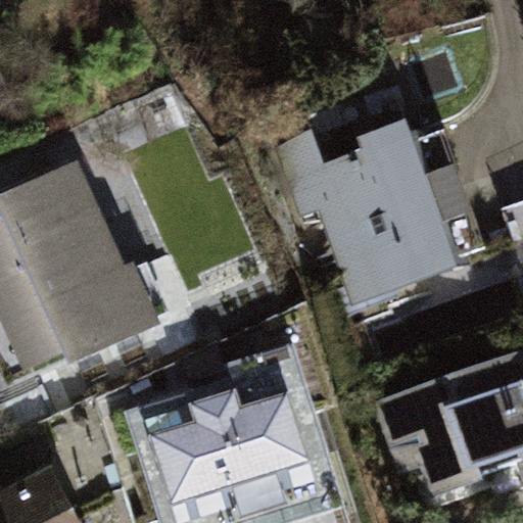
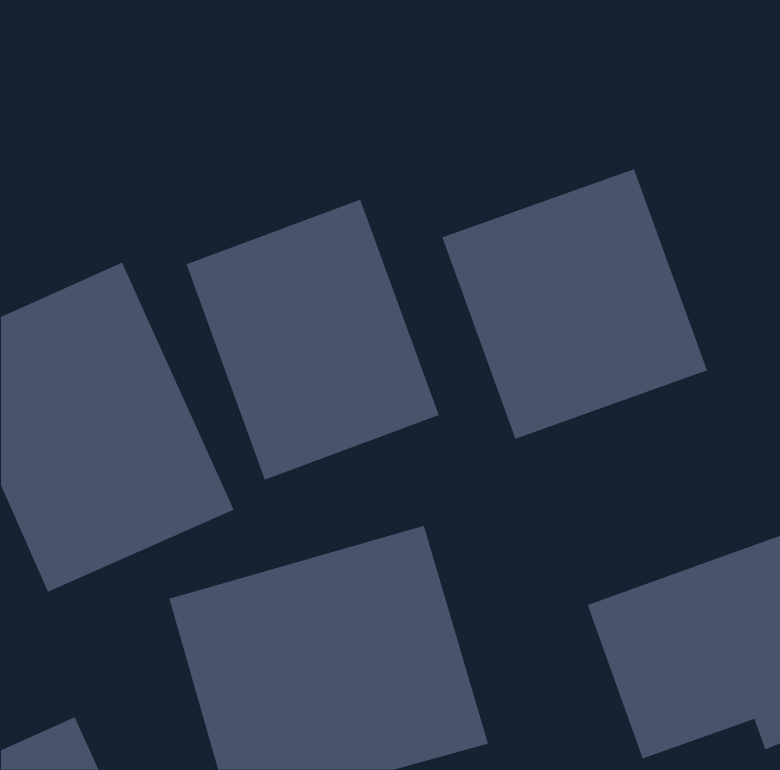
building: none -> [186,199,439,480]

